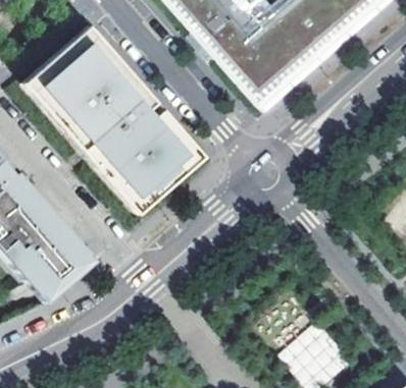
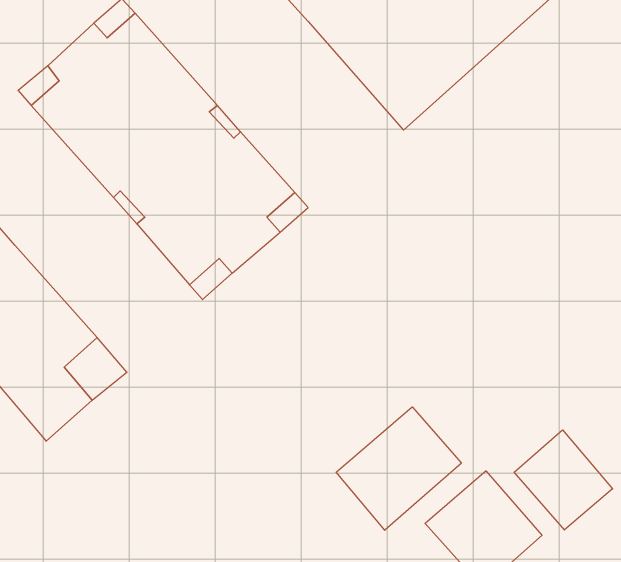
building: none -> [336,407,461,530]
building: none -> [514,430,613,530]

